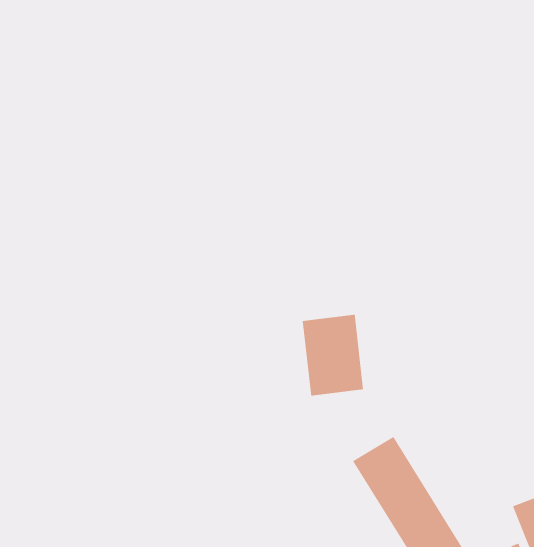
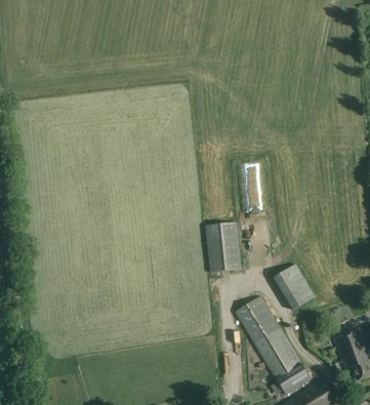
building: none -> [275,265,317,311]

